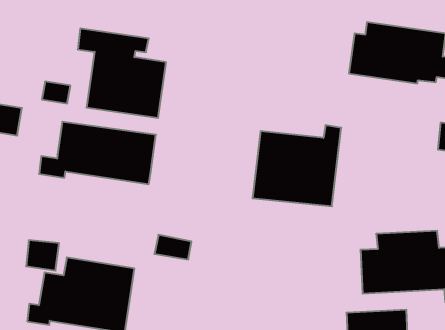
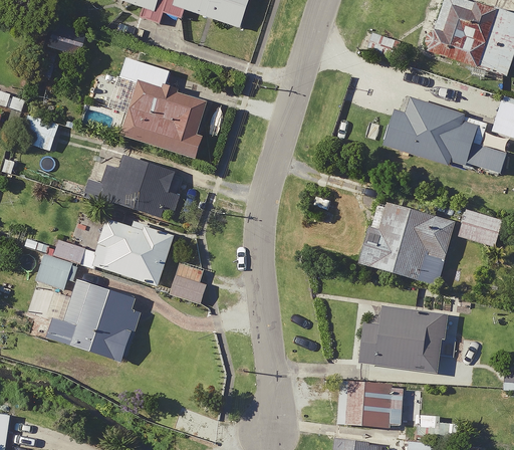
building: [252,125,341,206] -> [359,198,458,283]
building: none -> [52,218,174,285]

